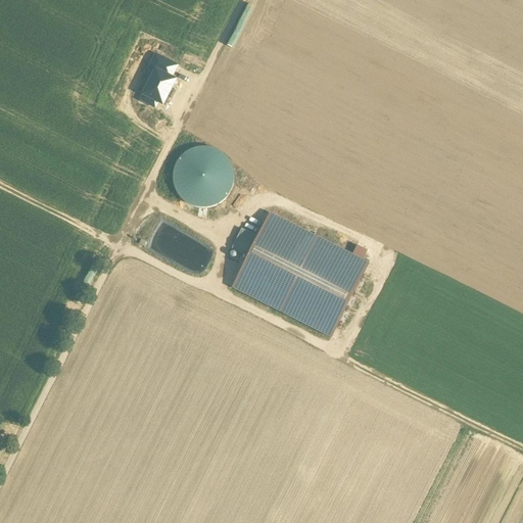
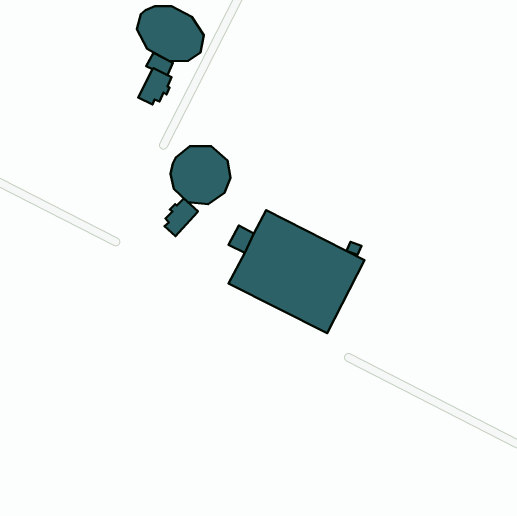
building: none -> [137,6,204,61]
building: none -> [165,199,198,236]

